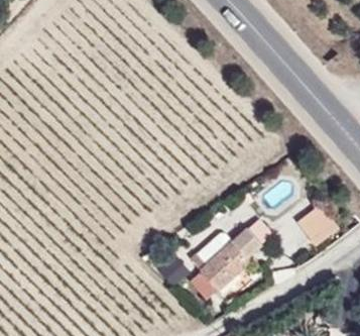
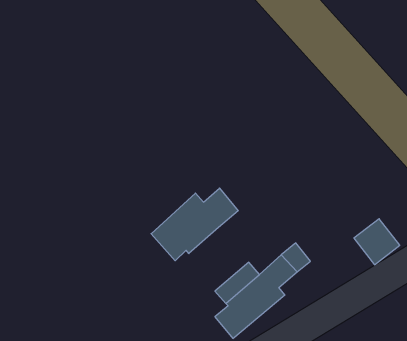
building: none -> [151,188,238,261]

